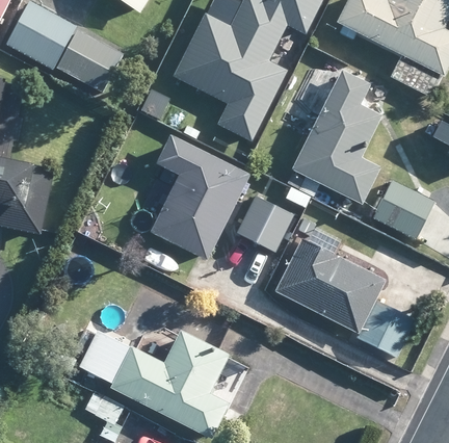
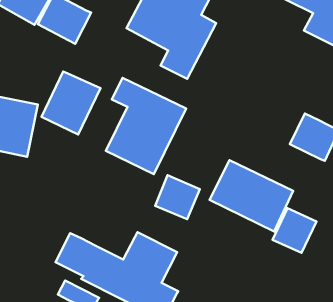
building: [294,70,385,205] -> none
building: none -> [41,71,101,135]
building: [230,196,286,251] -> [155,175,200,219]

